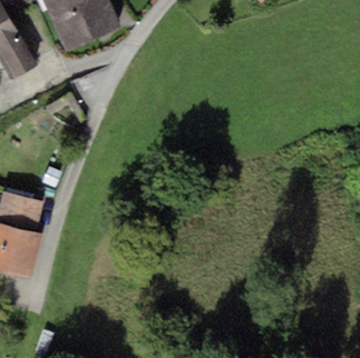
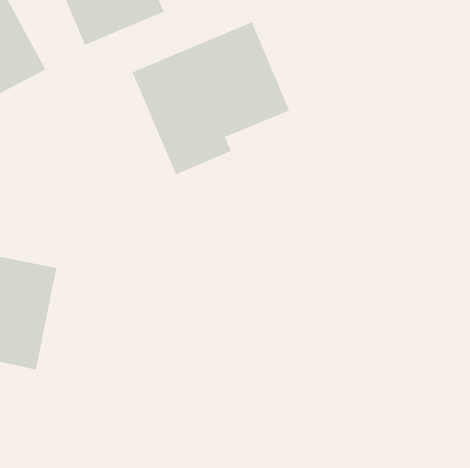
building: none -> [132,21,290,175]

